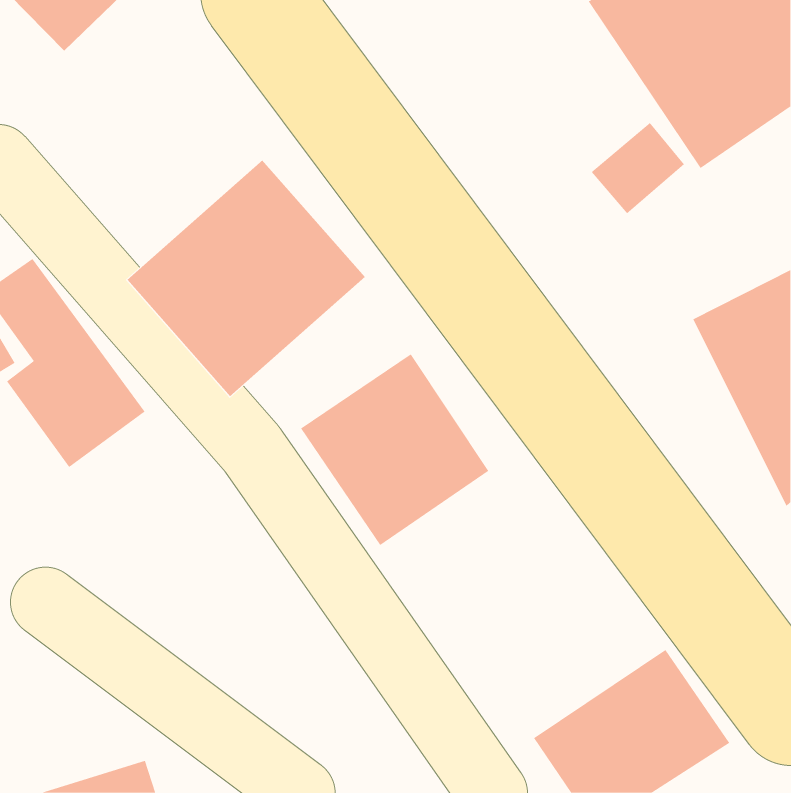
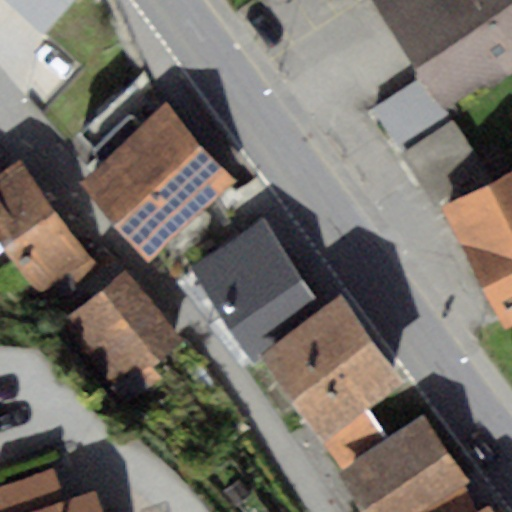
building: none -> [60,280,183,404]
building: none -> [257,292,402,455]

